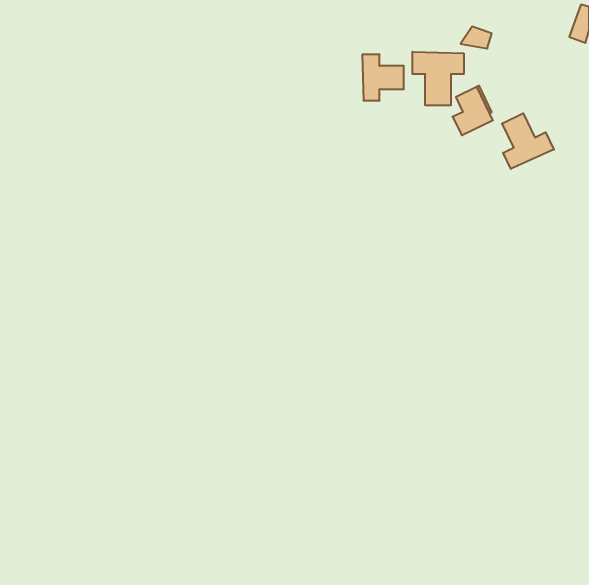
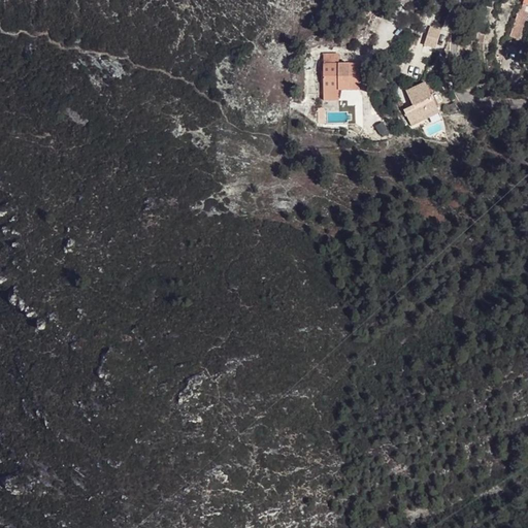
building: [412,52,464,105] -> none
building: [502,113,554,169] -> none

